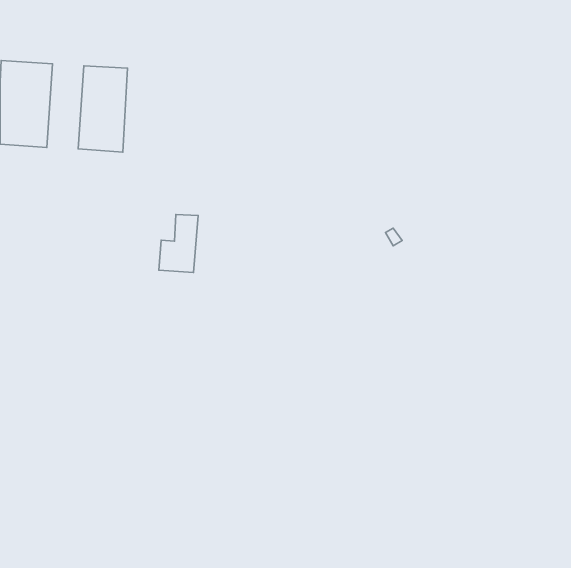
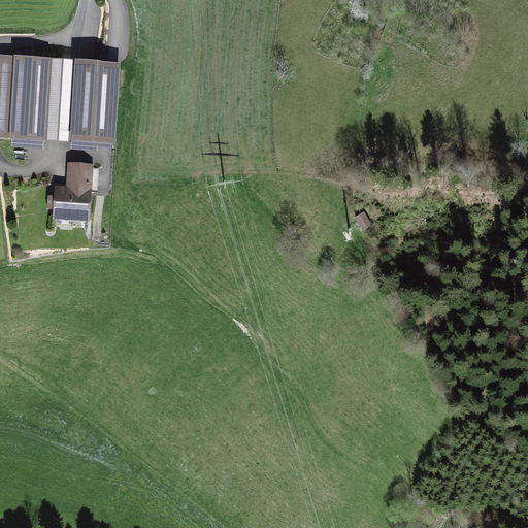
building: none -> [45,59,74,140]
building: [159,214,198,273] -> [55,163,91,217]

